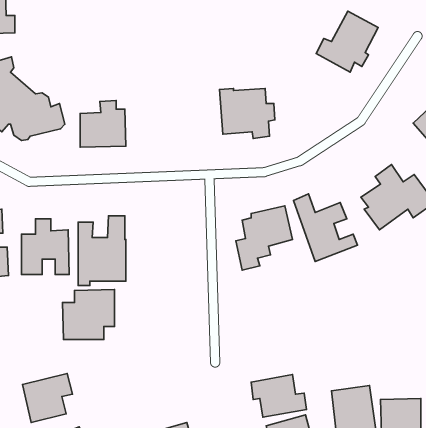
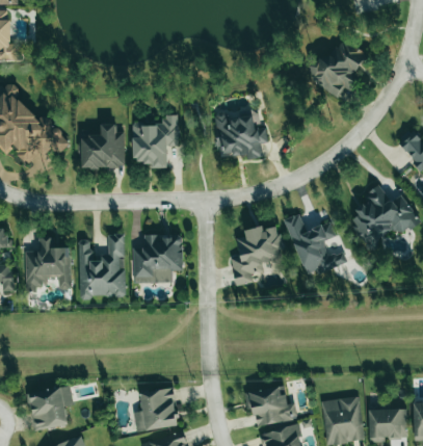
building: none -> [132,114,178,167]
building: [62,290,115,340] -> [132,234,182,282]
building: none -> [133,387,178,430]

